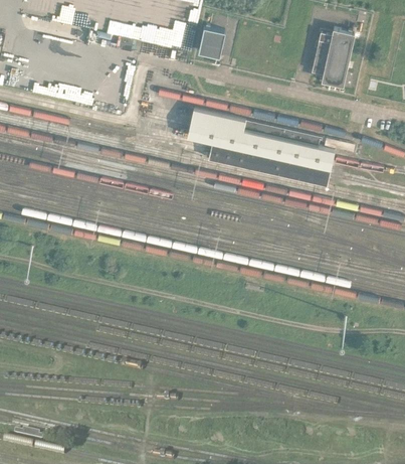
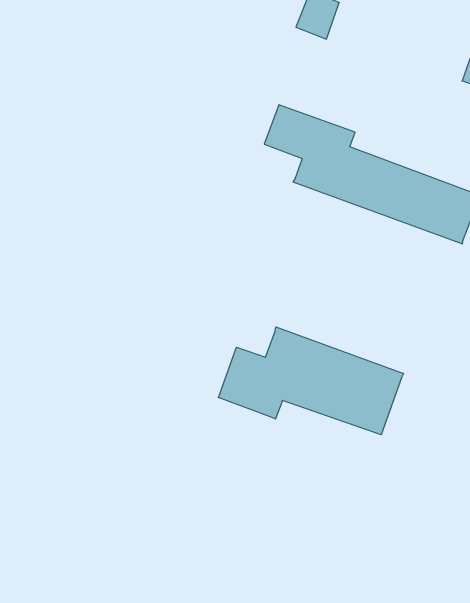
building: none -> [218,327,404,435]

